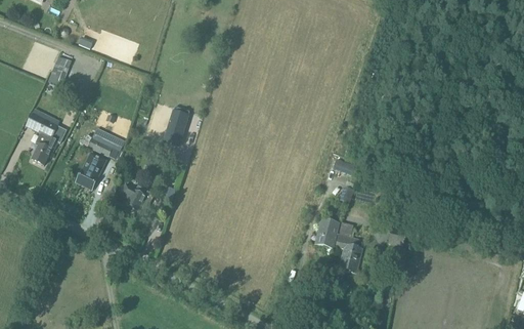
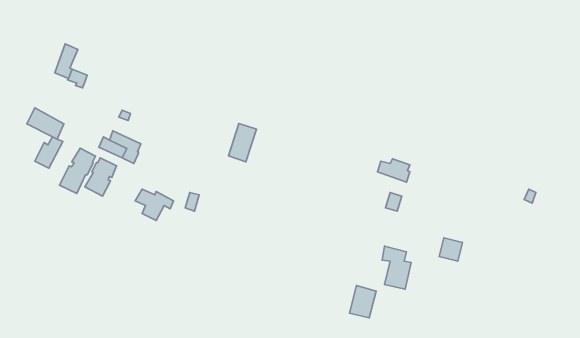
building: [164,110,188,143] -> [228,123,256,162]
building: none -> [60,148,96,193]
building: [315,217,339,246] -> [349,285,376,318]

